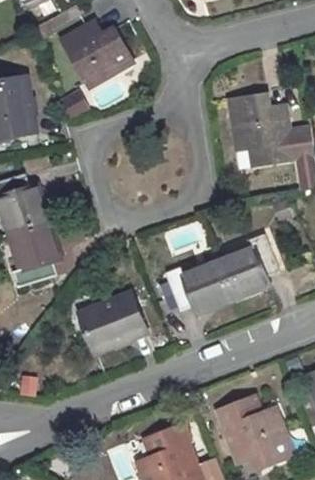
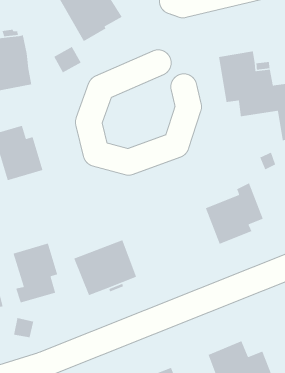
building: [9,221,57,285] -> [12,243,58,304]
building: [165,260,231,313] -> none

